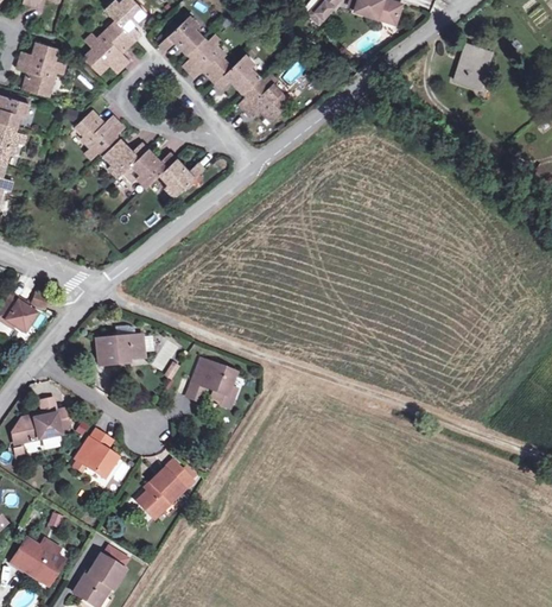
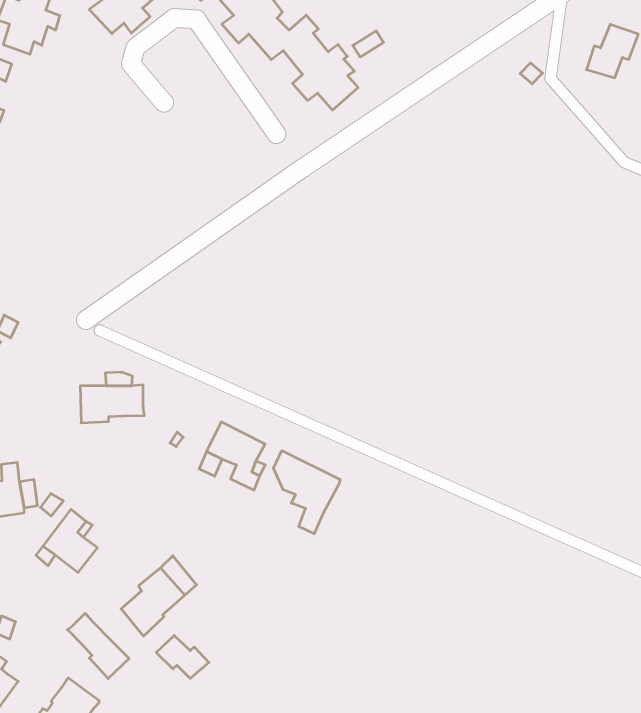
building: [78,116,207,201] -> none
building: none -> [273,451,340,534]
building: none -> [67,613,129,679]
building: none -> [156,635,209,678]

